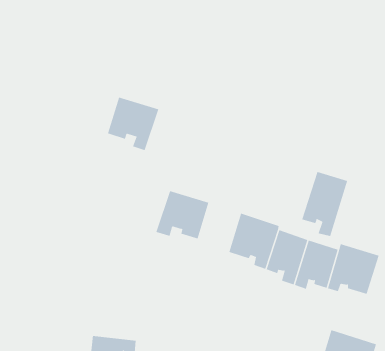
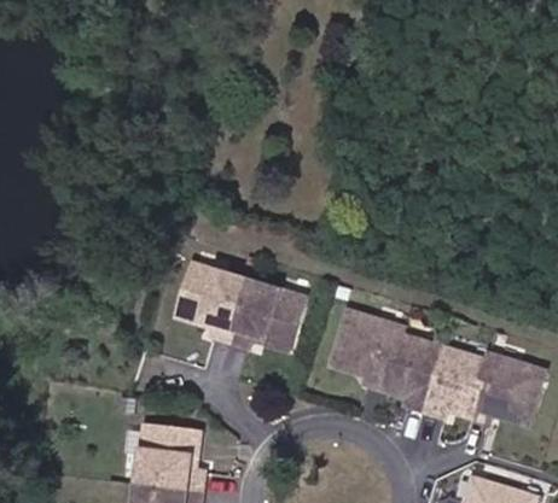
building: [107,97,159,151] -> [175,262,248,337]
building: [302,171,348,237] -> none
building: none -> [140,420,204,487]

